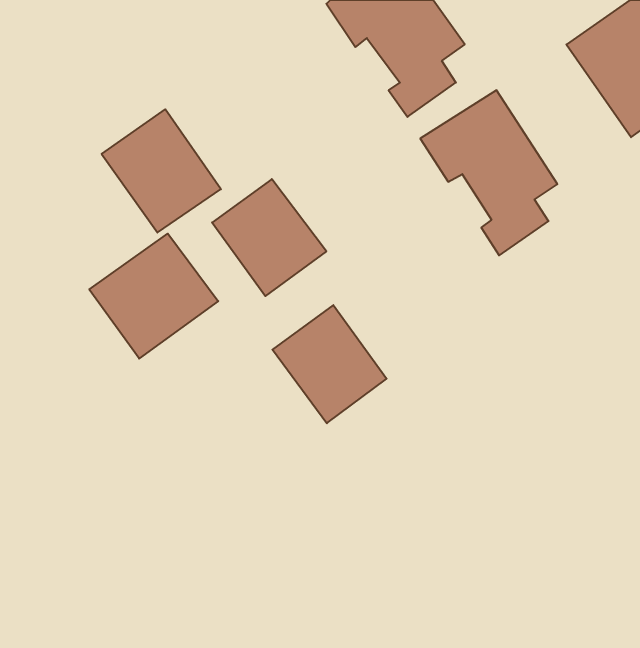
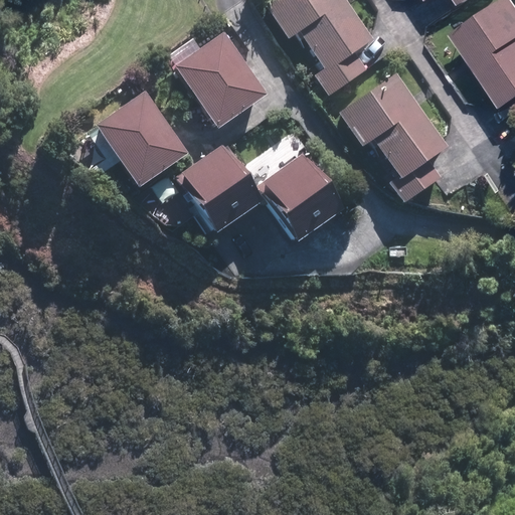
building: none -> [170,31,265,129]
building: [89,234,218,359] -> none
building: [272,305,387,423] -> [254,151,345,244]

